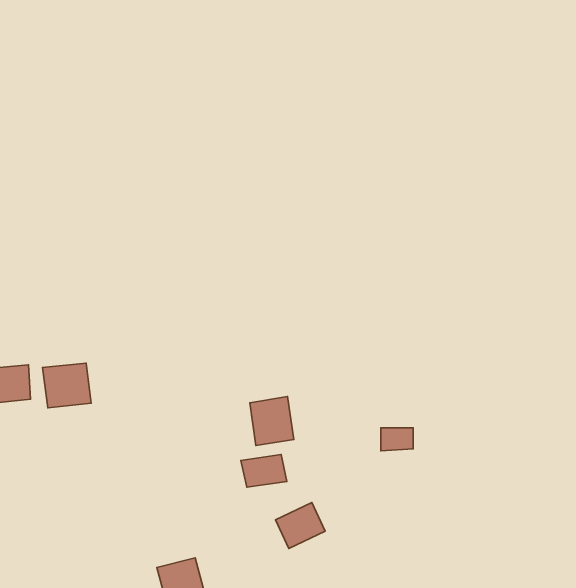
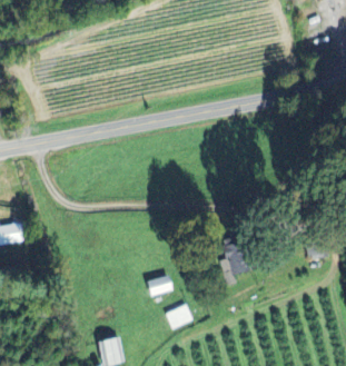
building: [43,363,91,408] -> none
building: [250,397,294,446] -> none

